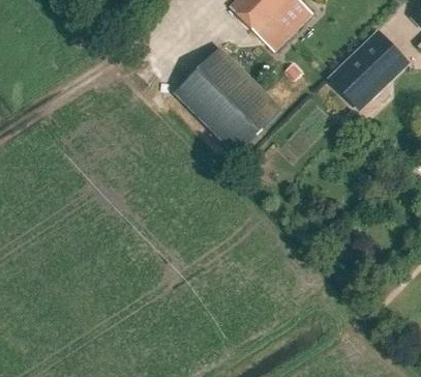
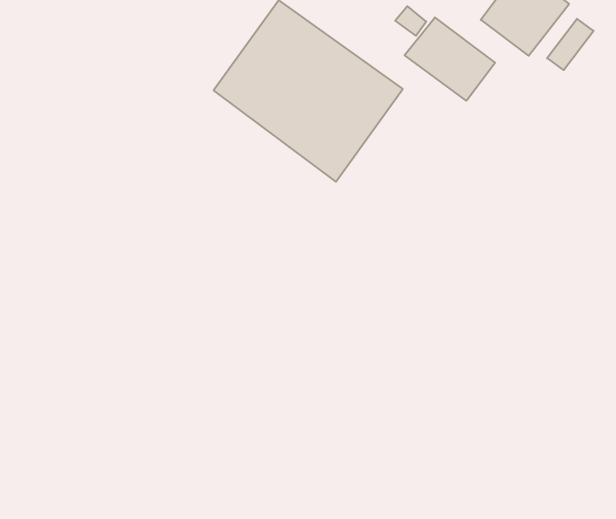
building: none -> [405,17,495,101]

